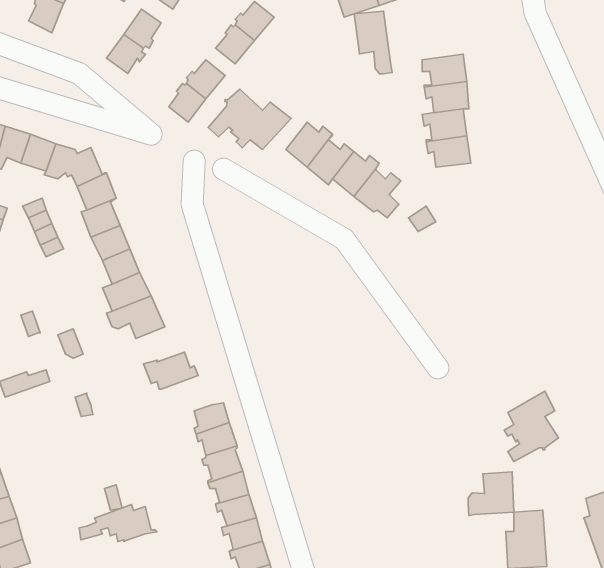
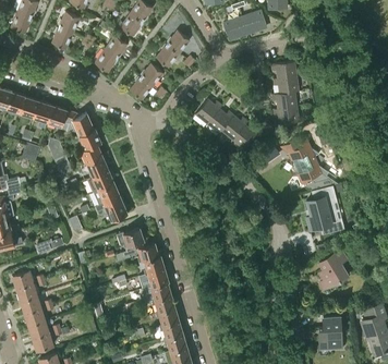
building: [354,11,392,74] -> none
building: [208,89,291,150] -> none
building: none -> [281,136,331,184]
building: none -> [306,185,336,229]
building: [468,472,514,515] -> none
building: [79,505,157,542] -> [117,241,160,262]

